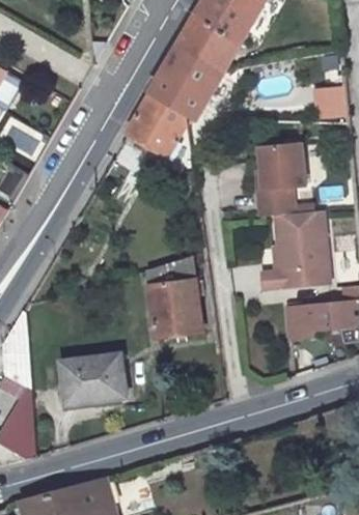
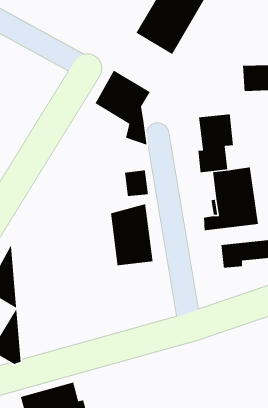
building: [151,44,225,117] -> none
building: none -> [124,169,149,197]
building: [63,354,126,402] -> none

